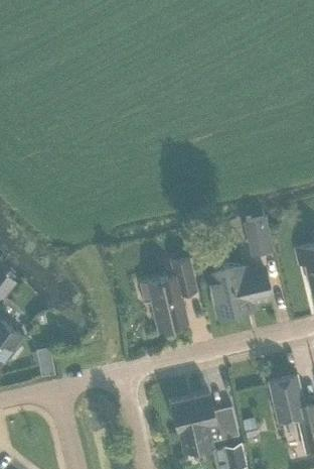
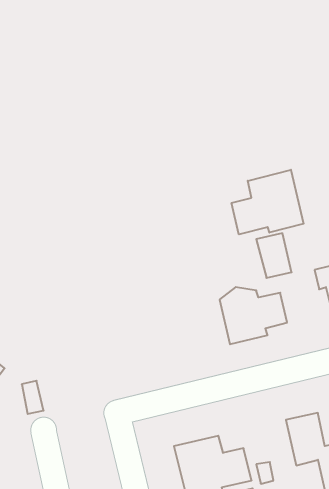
building: none -> [232,170,304,234]
building: [140,259,195,330] -> none

